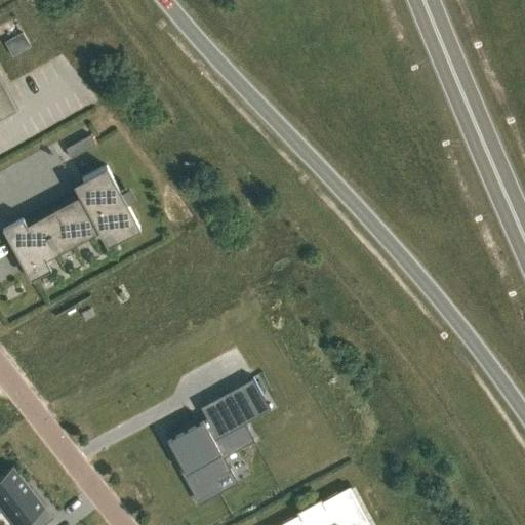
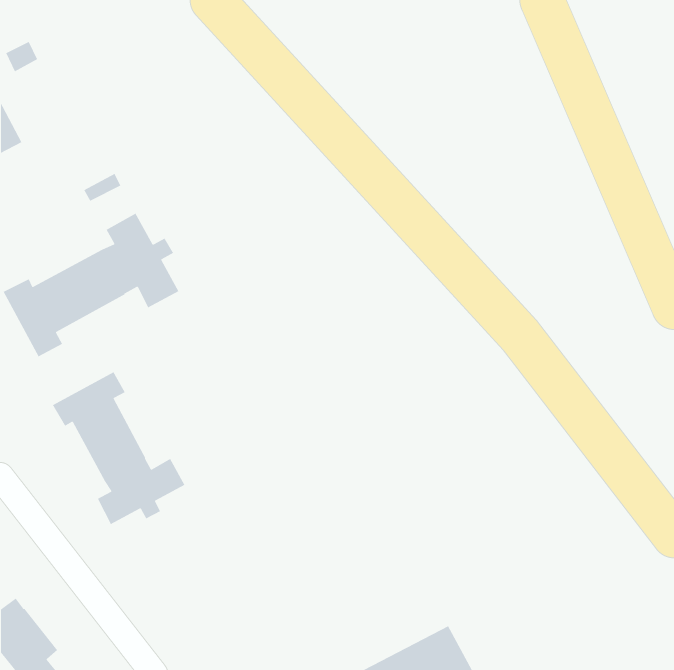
building: none -> [52,371,185,525]
building: [166,379,269,502] -> none

